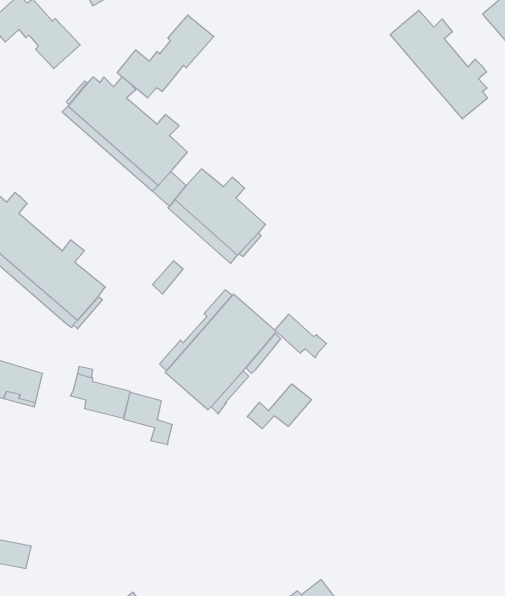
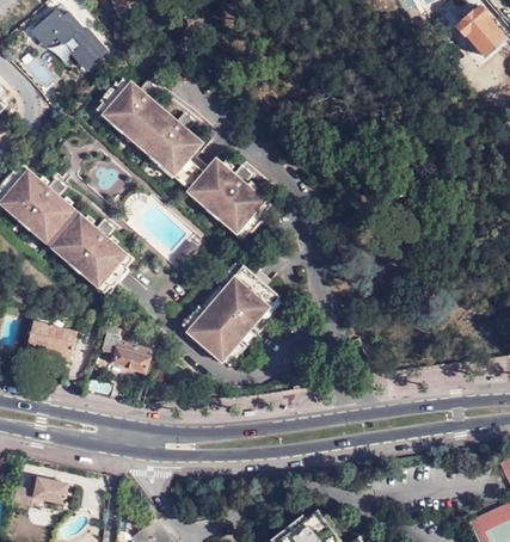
building: [390,10,488,119] -> none
building: [117,15,214,98] -> none
building: [275,314,327,358] -> none
building: [247,384,312,429] -> none
building: [124,392,172,445] -> none

